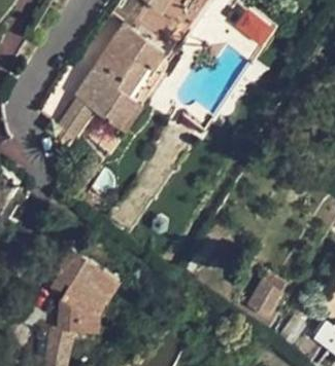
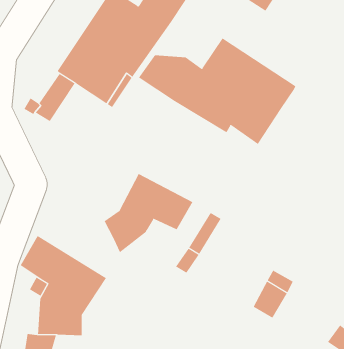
building: none -> [138,37,296,145]
building: none -> [104,173,193,253]

